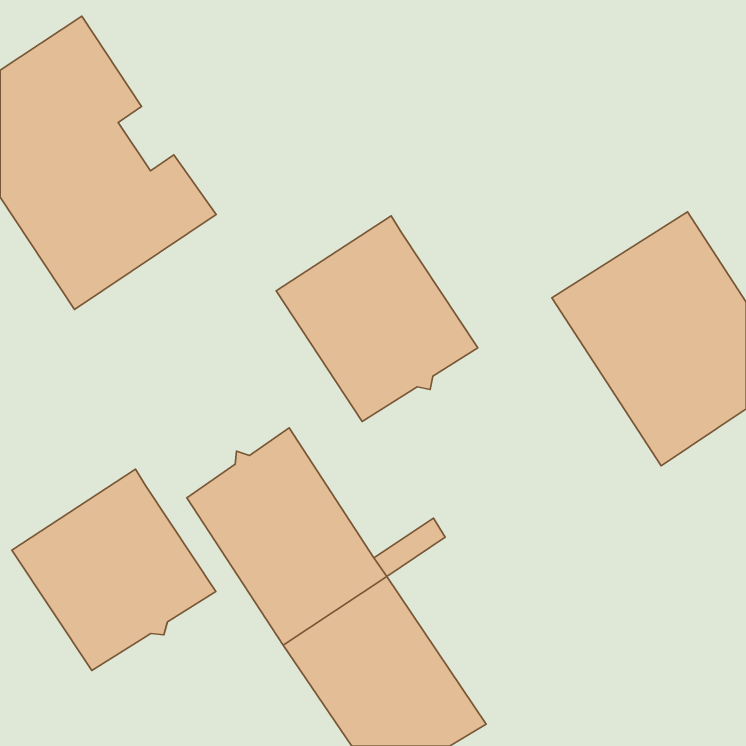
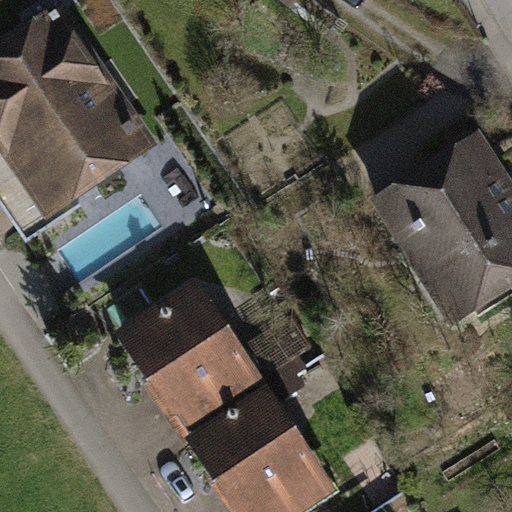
building: [276,216,478,421] -> none
building: [12,469,216,671] -> none

